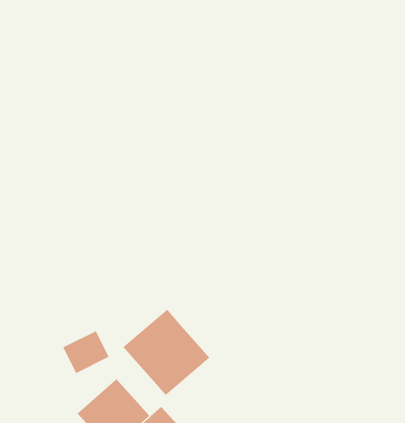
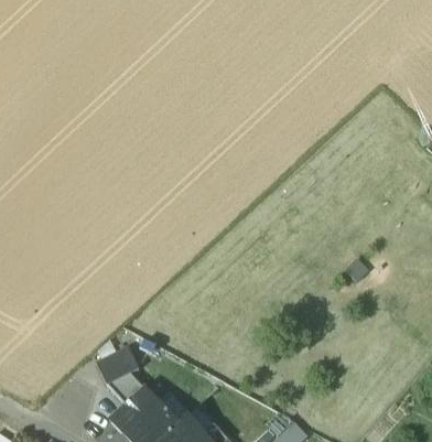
building: [123,309,210,396] -> none

